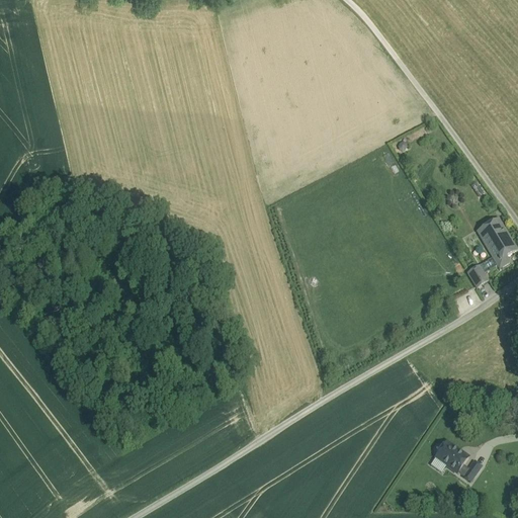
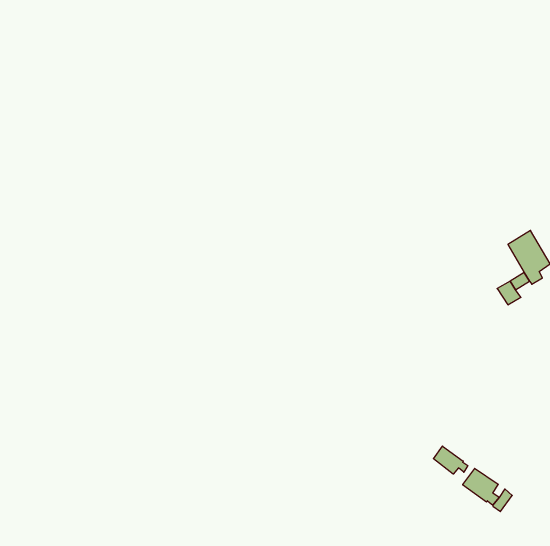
building: none -> [433,446,468,474]

